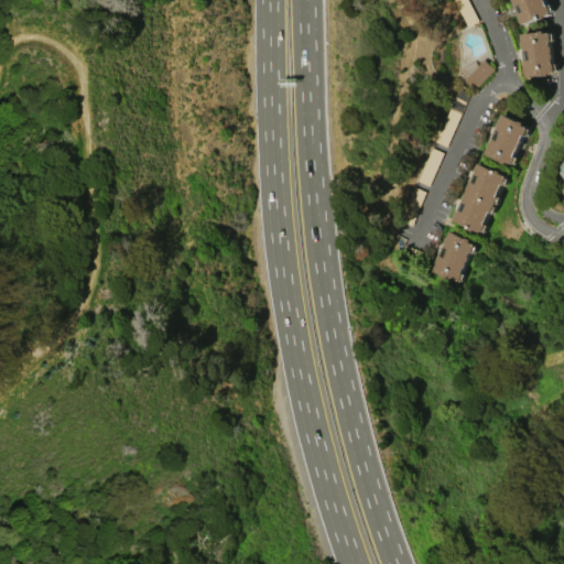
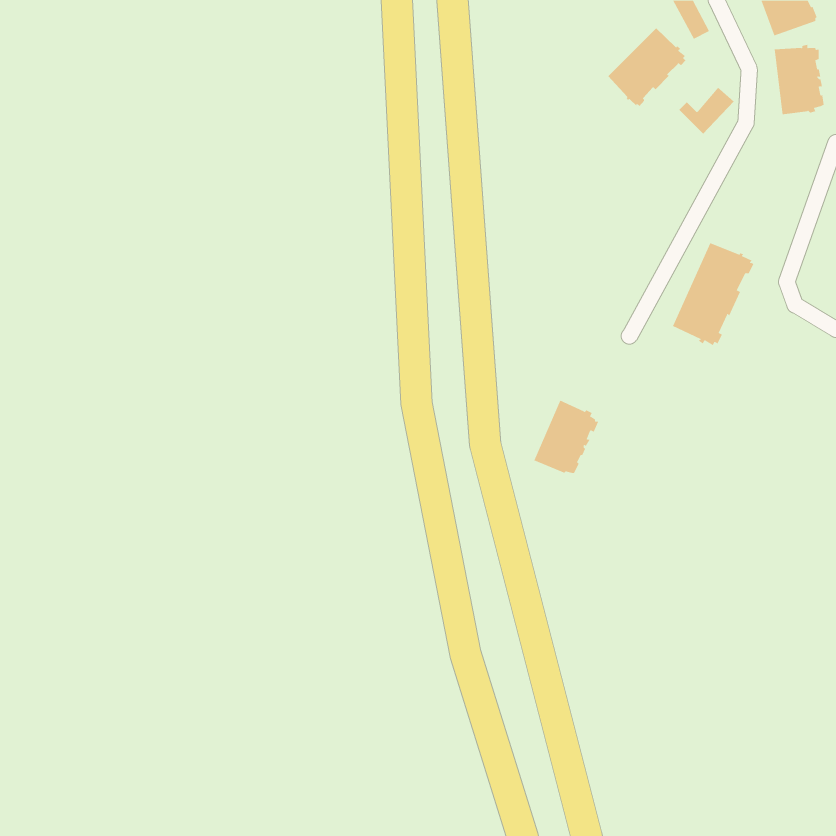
building: none -> [607,27,686,107]
building: [484,115,528,165] -> none
building: [432,231,476,281] -> [534,400,599,474]

